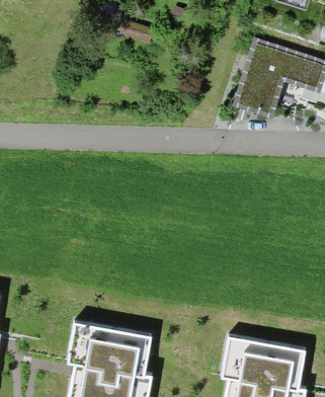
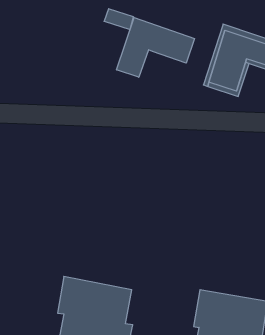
building: none -> [117,17,195,77]

